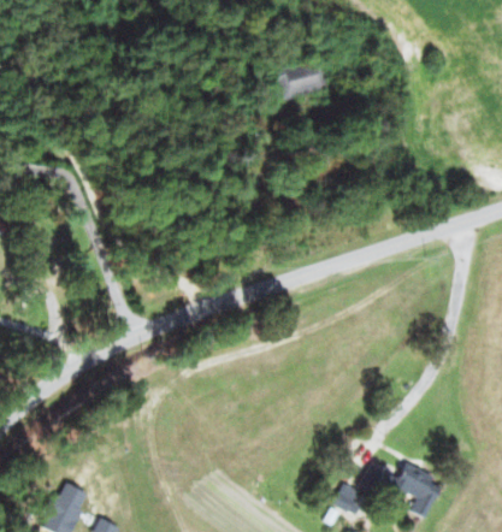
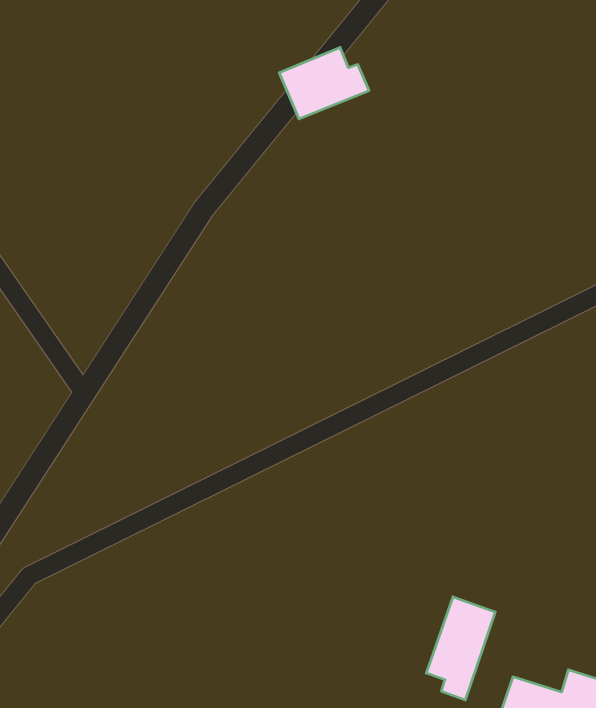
building: none -> [426,597,495,700]

